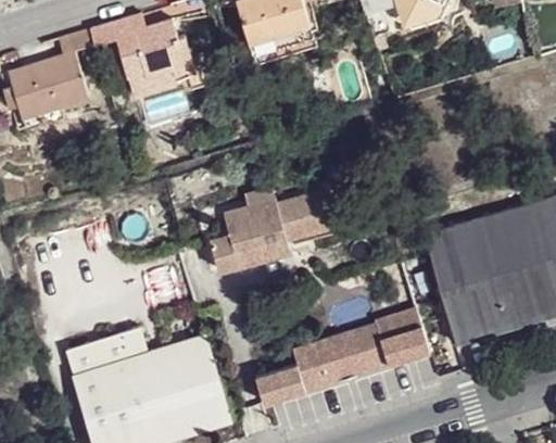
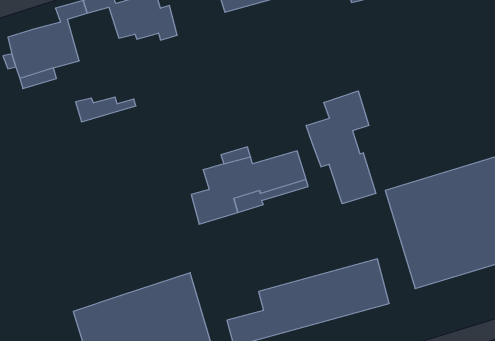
building: [132,65,199,92] -> [76,97,136,122]
building: none -> [306,91,376,204]
building: [73,326,135,370] -> none

